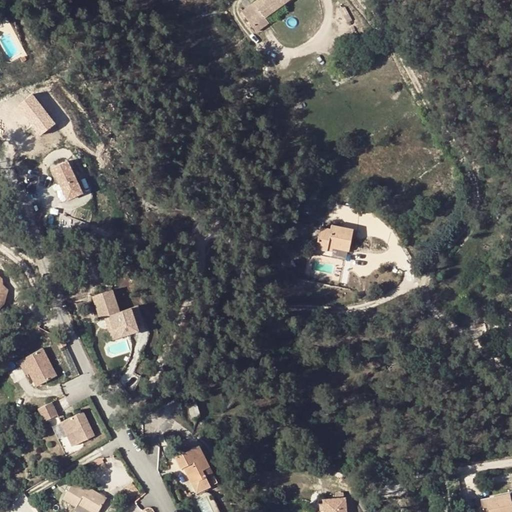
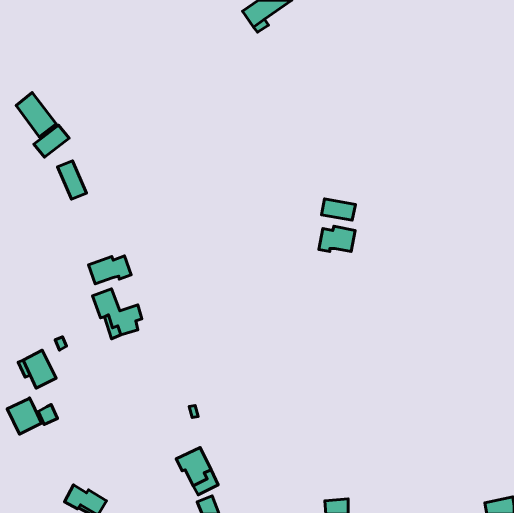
building: none -> [34,125,69,157]
building: none -> [322,199,356,220]
building: none -> [88,256,131,284]
building: [60,412,94,448] -> [7,398,42,434]

